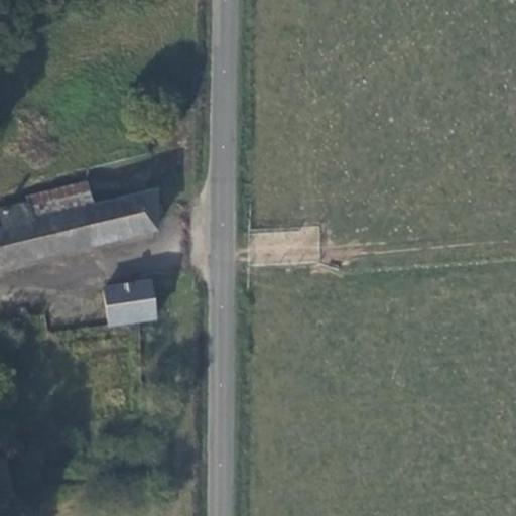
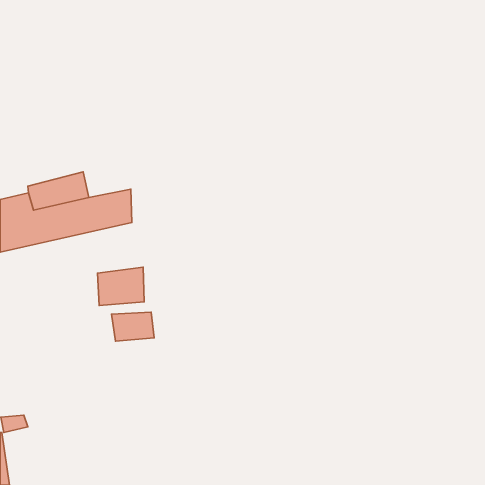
building: none -> [112,312,154,341]

